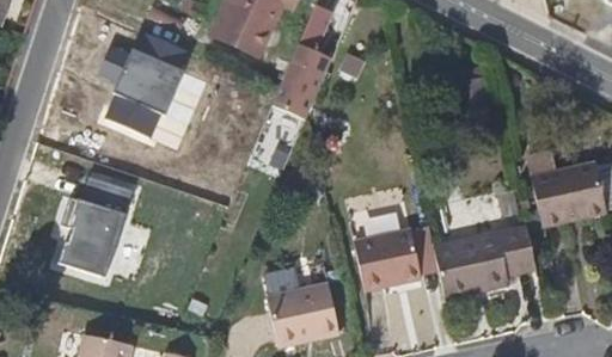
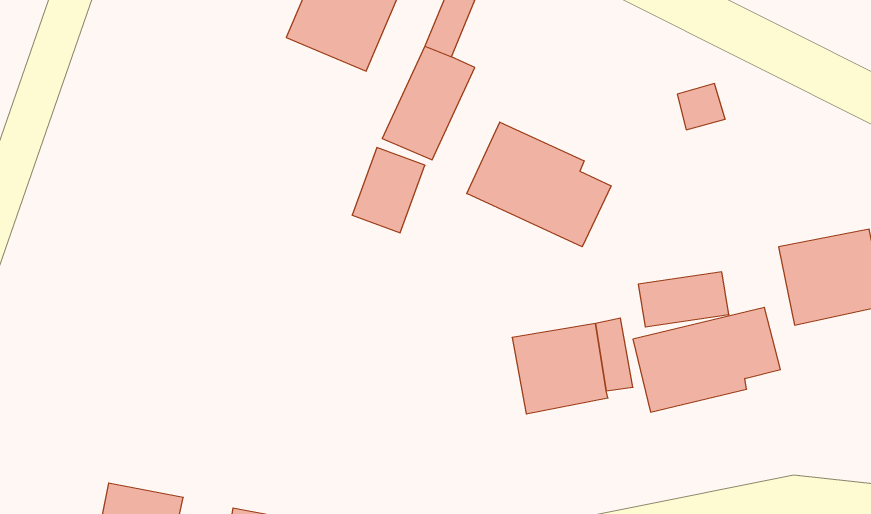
building: [94,38,197,136] -> none
building: none -> [467,122,611,247]
building: [62,177,135,275] -> none
building: [271,279,347,344] -> none

